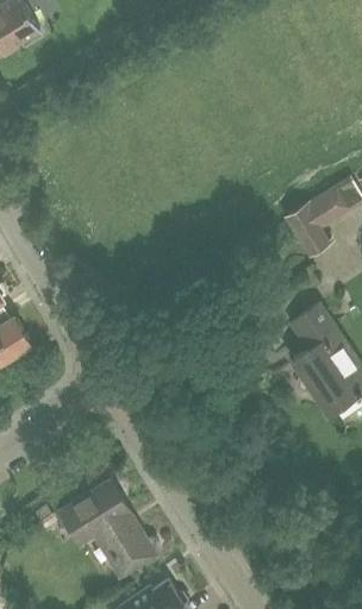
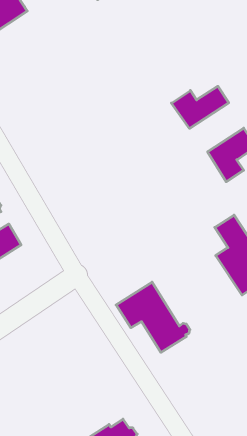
building: none -> [171,86,229,128]
building: [60,482,160,577] -> [116,282,190,352]

